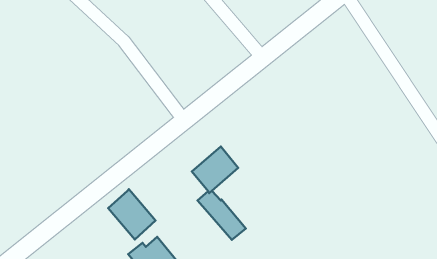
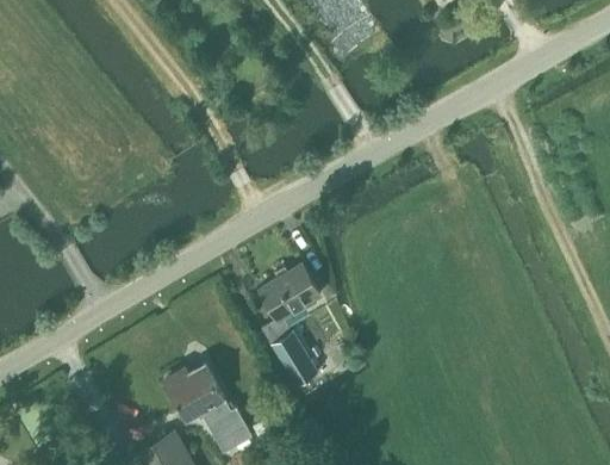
building: [108,189,155,239] -> none

